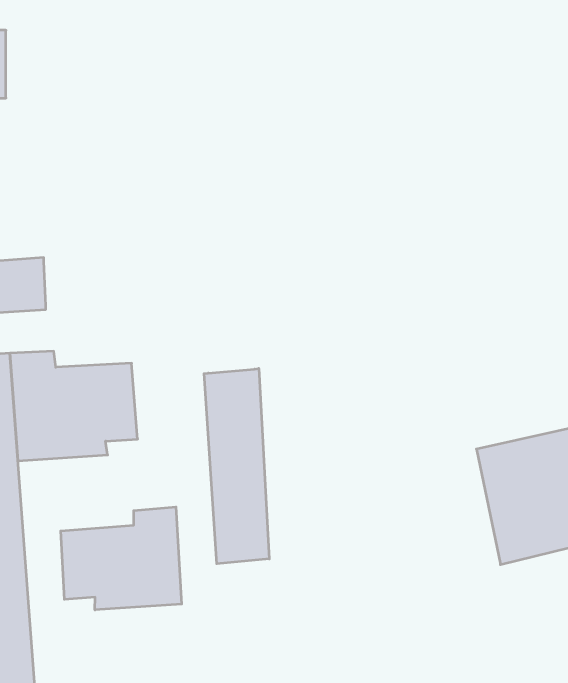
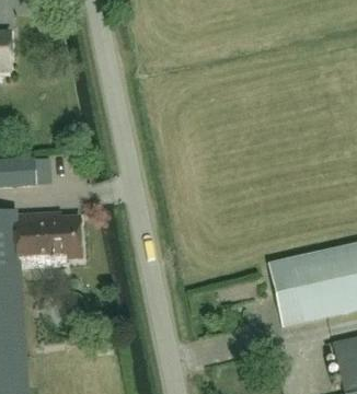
building: [204,368,269,564] -> none
building: [61,507,182,610] -> none

